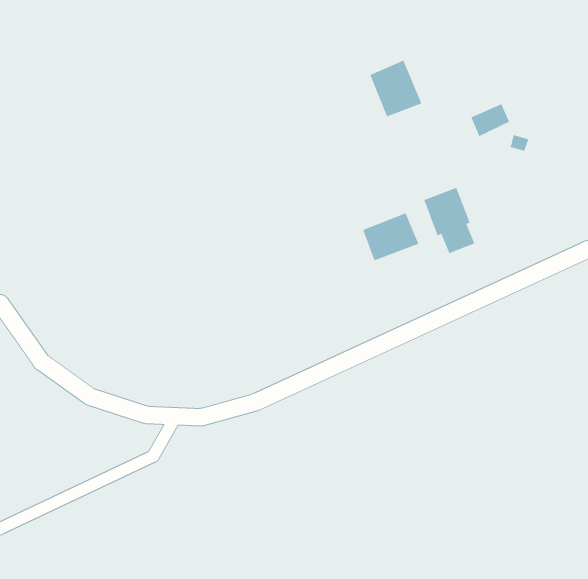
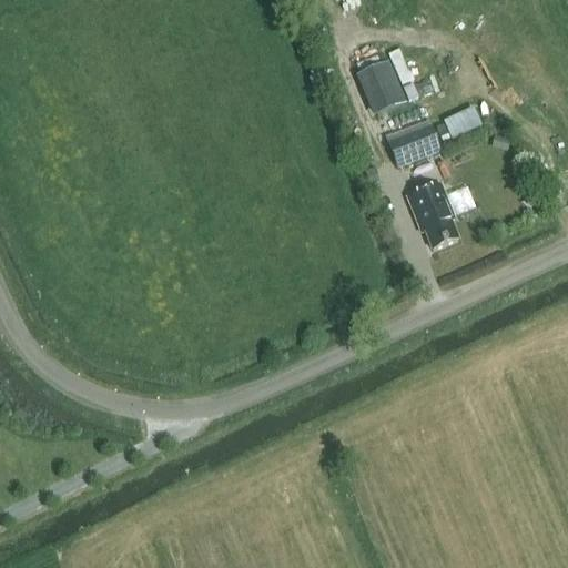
building: none -> [385,116,440,165]
building: [363,212,419,261] -> none

